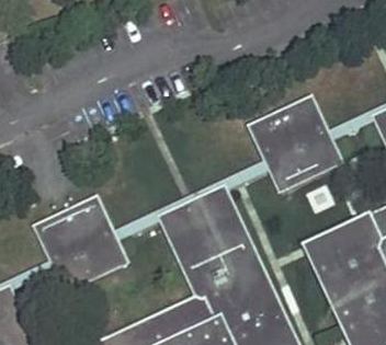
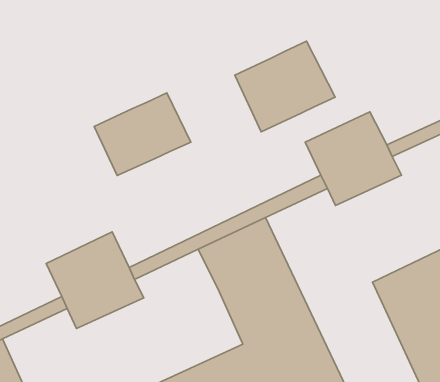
building: none -> [235,41,335,132]
building: none -> [94,93,191,175]

